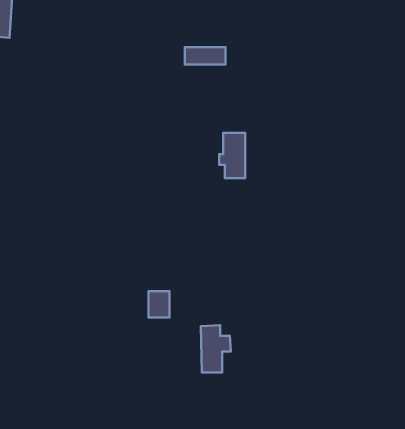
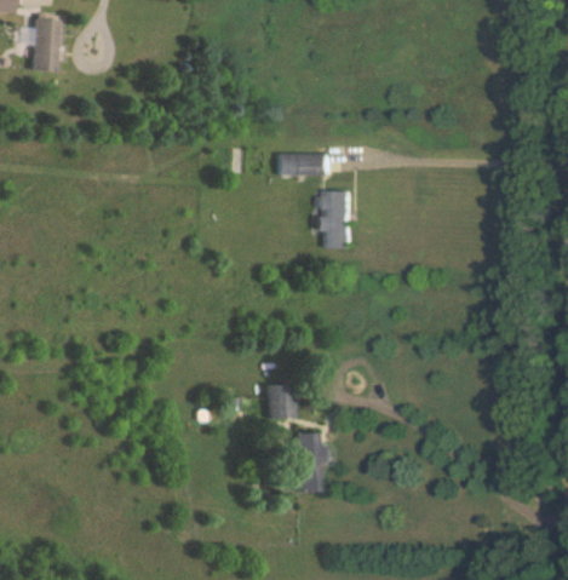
building: [185,47,225,64] -> [279,154,329,176]
building: [148,291,170,317] -> [269,385,296,418]

